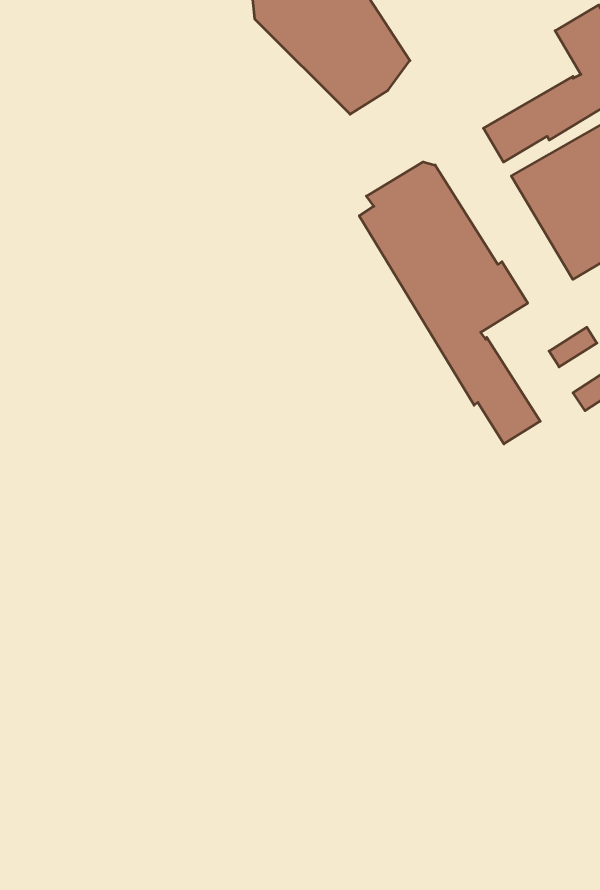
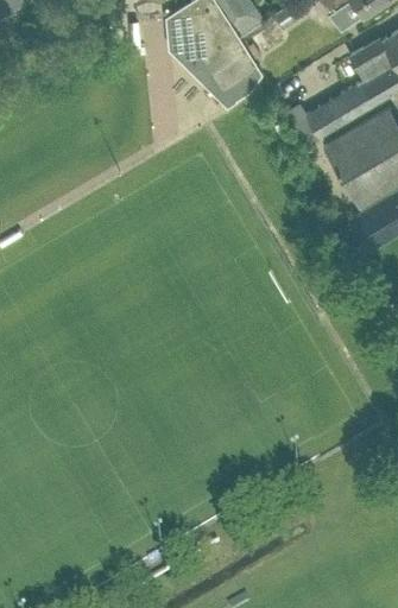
building: [359,162,540,444] -> none

